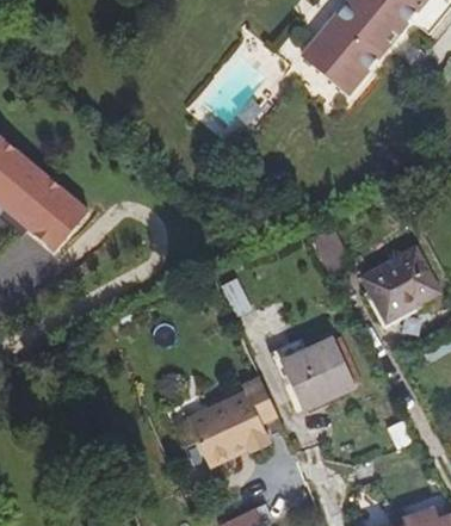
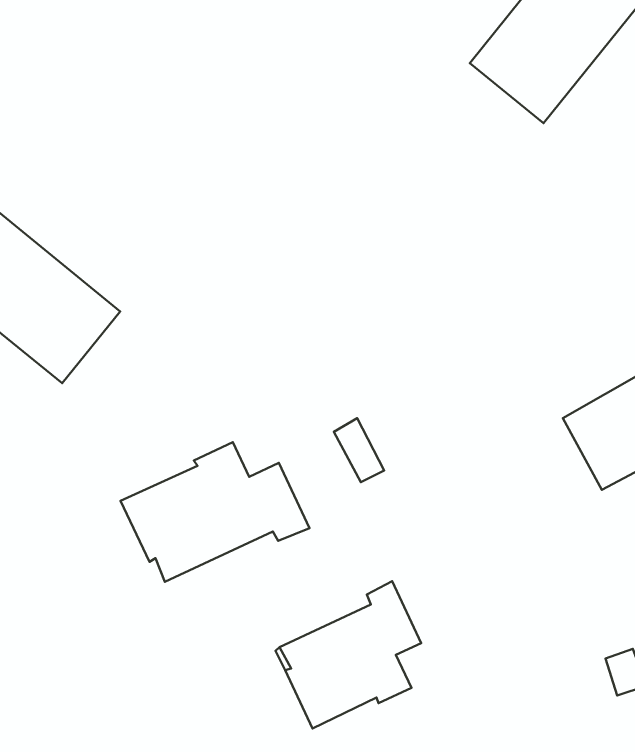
building: none -> [121,442,310,582]
building: [279,335,356,409] -> none

